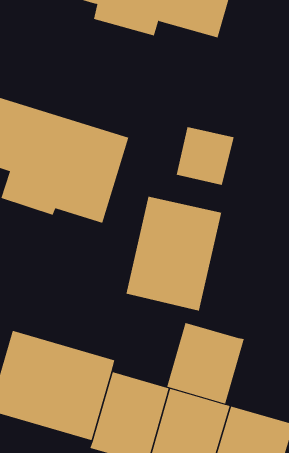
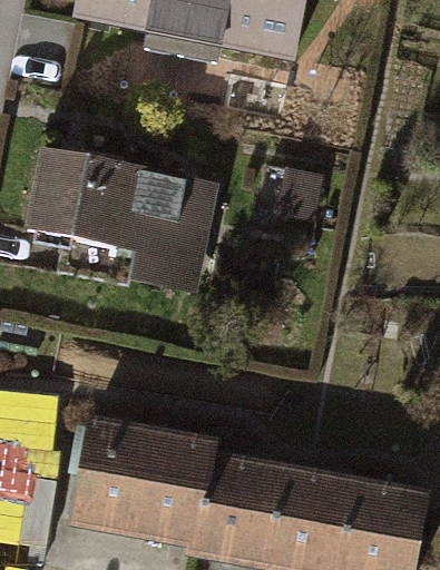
building: [126,196,222,311] -> none
building: [167,322,244,404] -> none

